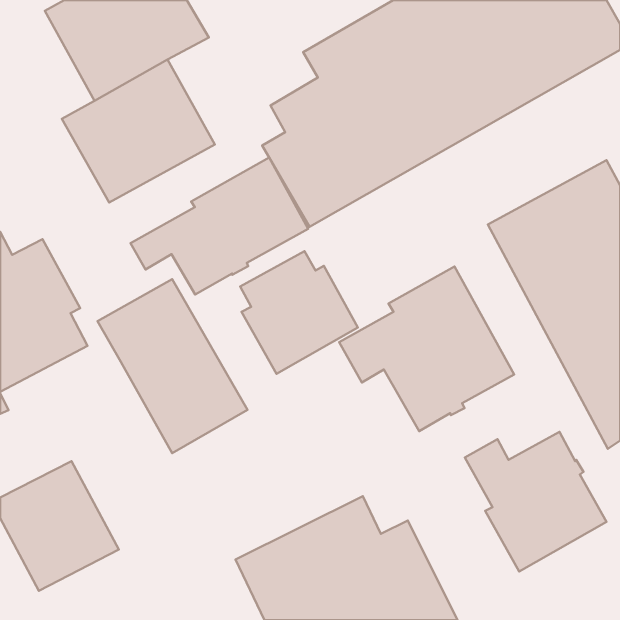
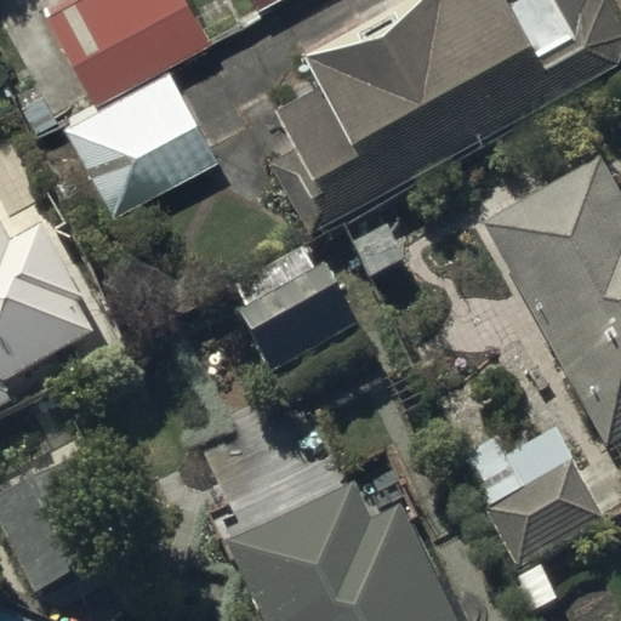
building: [131,158,308,295] -> none
building: [339,266,514,431] -> none
building: [97,279,248,453] -> none

